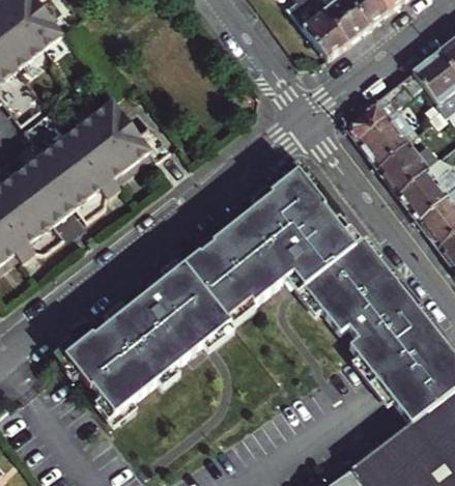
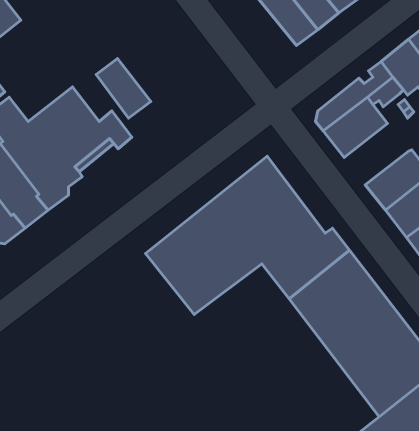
building: none -> [96,58,151,118]
building: [376,135,439,195] -> none
building: [66,262,229,412] -> none

